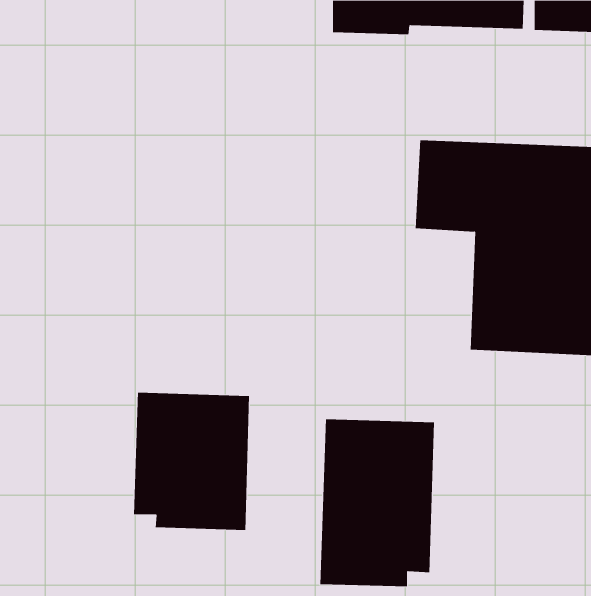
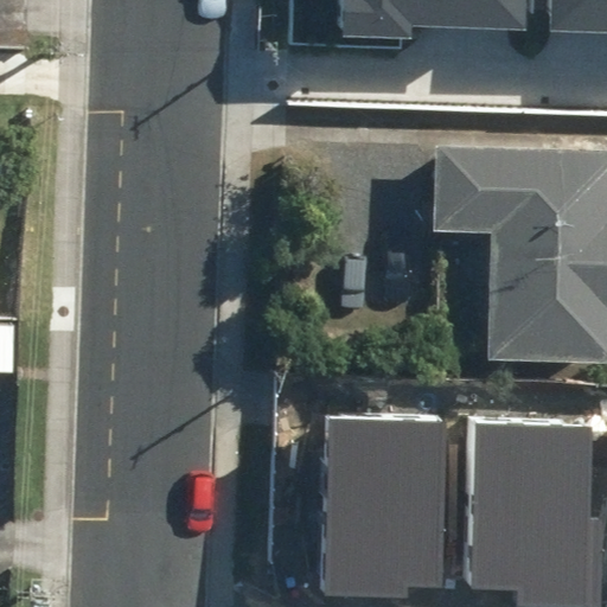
building: [134,392,250,531] -> none
building: none -> [475,422,590,594]

